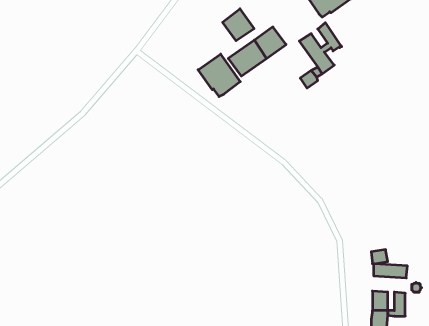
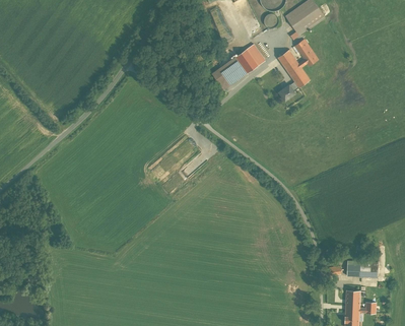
building: [223,9,254,41] -> none
building: [198,54,240,97] -> none

